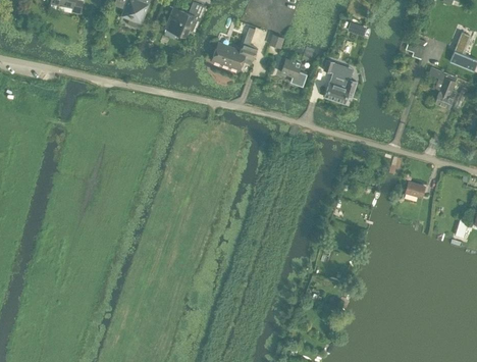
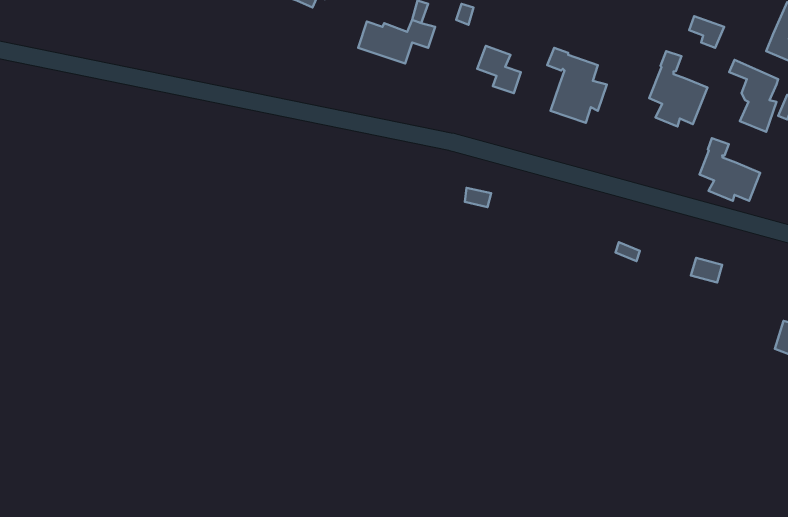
building: none -> [649,51,707,127]
building: none -> [700,138,760,201]

